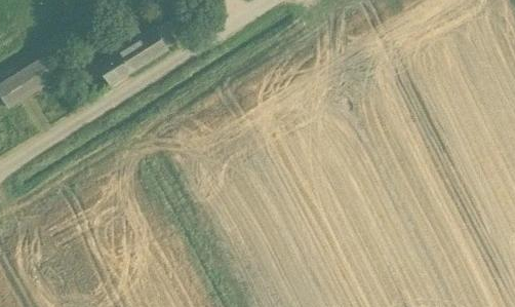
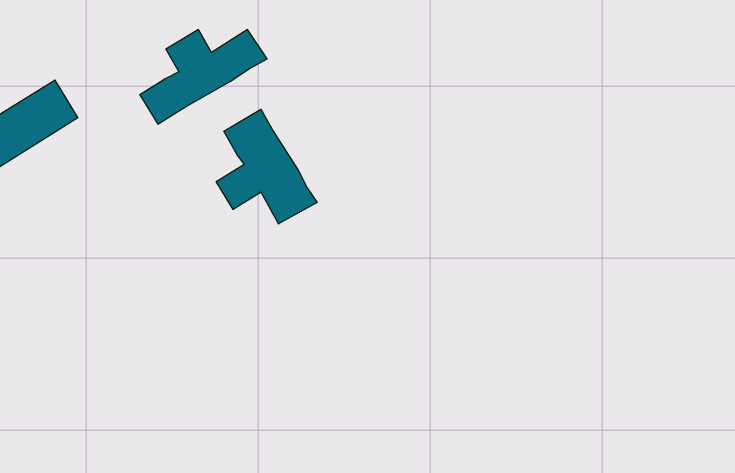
building: none -> [216,109,317,224]

